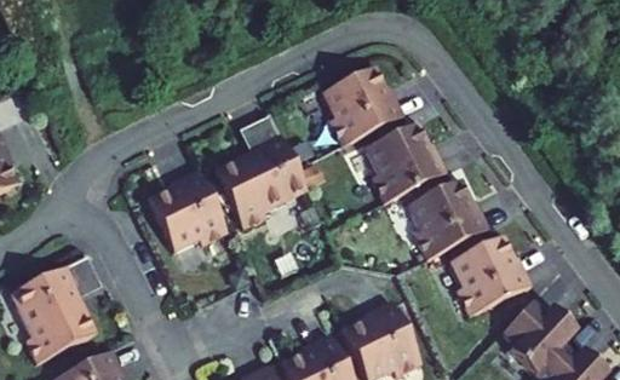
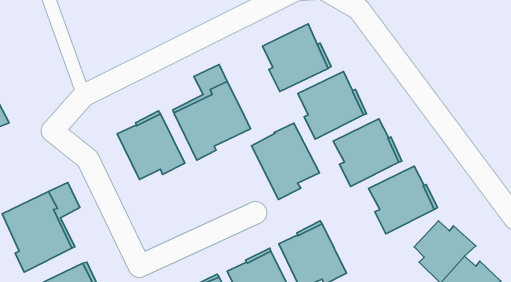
building: none -> [252,123,319,199]

